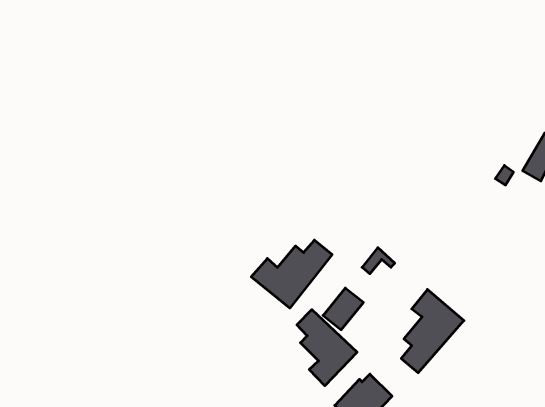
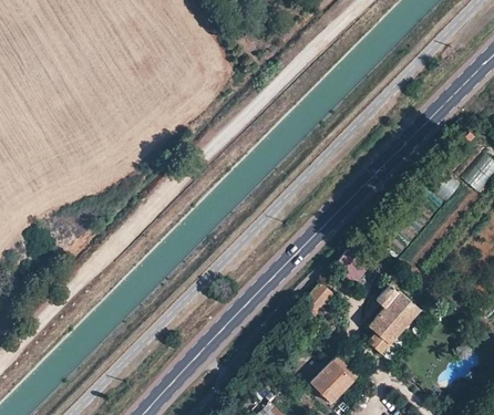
building: [251,240,332,308] -> none
building: [297,310,357,386] -> none

